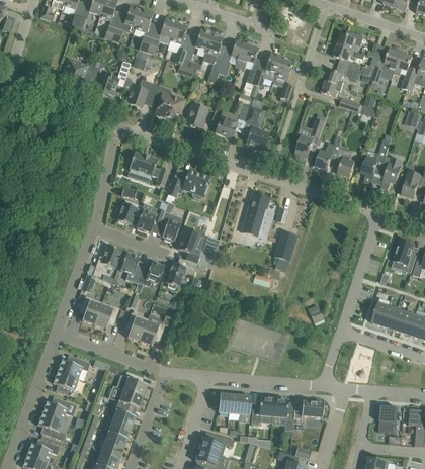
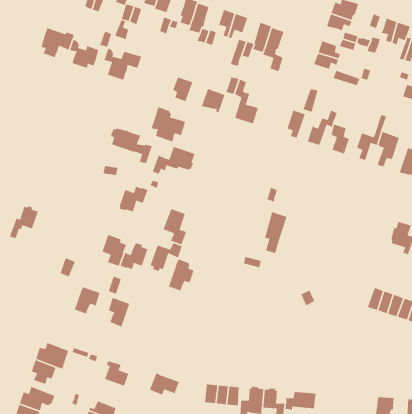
building: [152,85,185,119] -> [151,106,186,143]
building: [242,193,274,239] -> none
building: [117,200,140,225] -> none
building: [160,211,182,242] -> none
building: [93,245,121,277] -> [9,205,39,239]
building: [81,296,102,325] -> none
building: [140,314,165,347] -> [168,258,195,293]
building: [113,388,143,410] -> [149,372,180,395]

